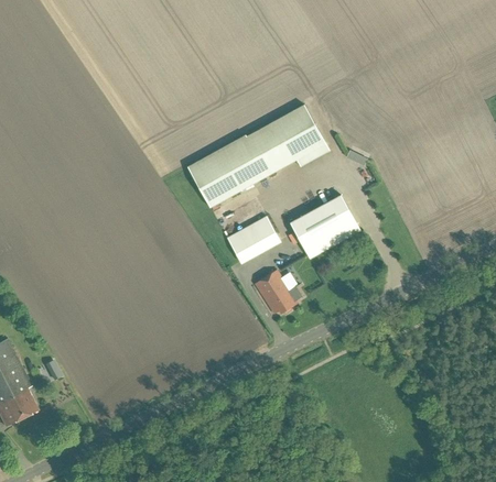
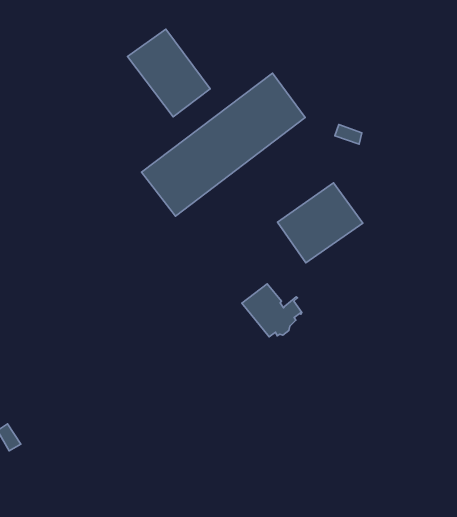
building: none -> [128,29,210,117]
building: [227,217,279,262] -> none

